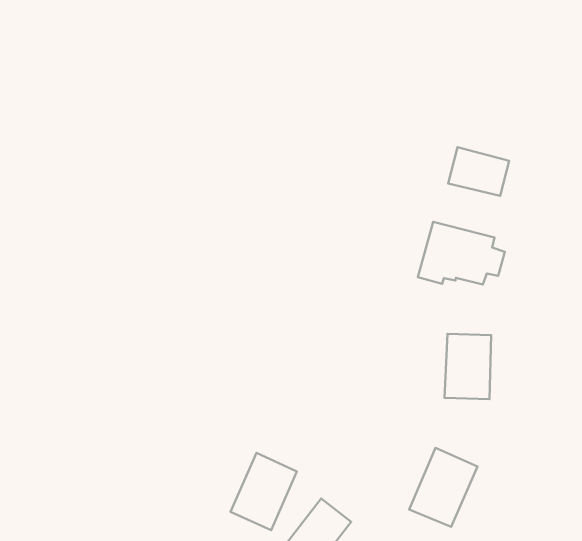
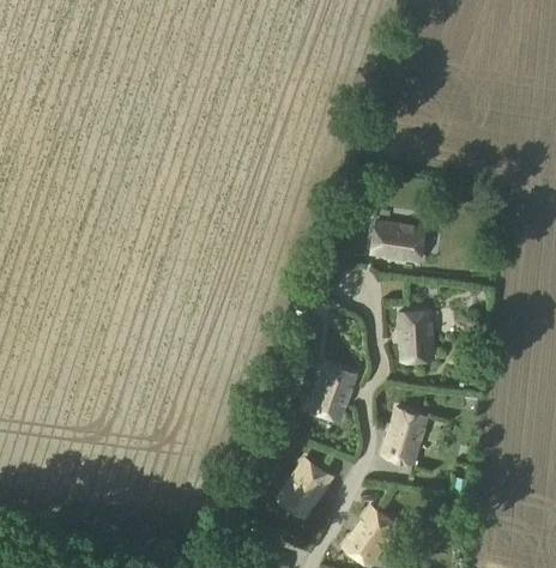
building: [448,147,509,196] -> none
building: [230,453,297,530] -> [308,361,359,423]

